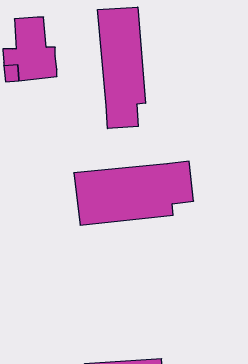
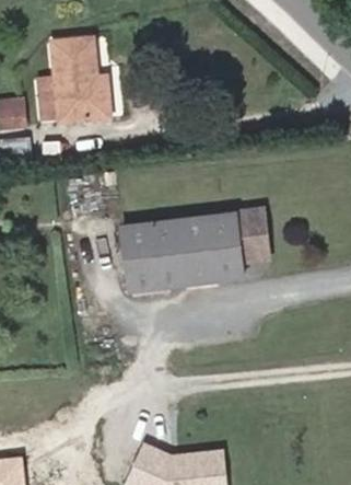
building: [98,7,146,129] -> none

